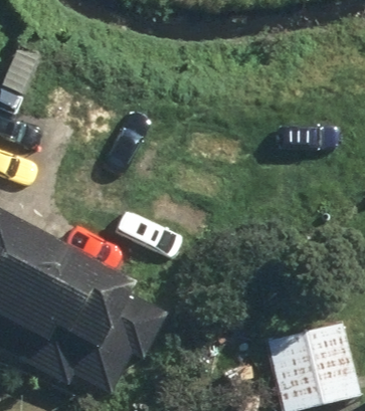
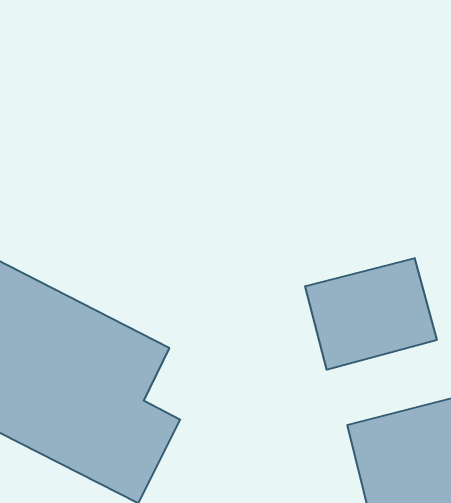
building: none -> [305,258,437,370]

